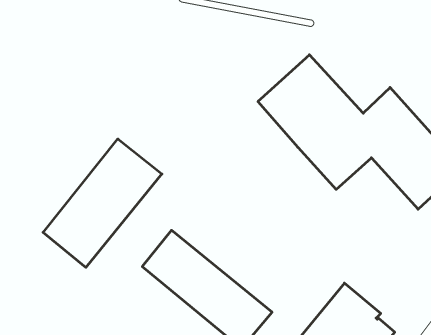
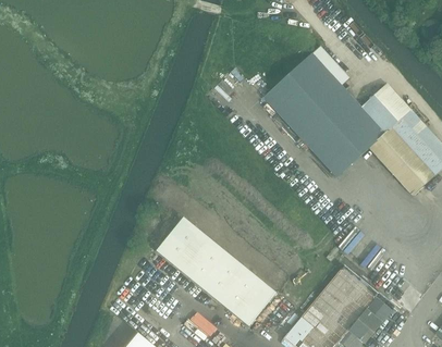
building: [43,139,162,267] -> none

